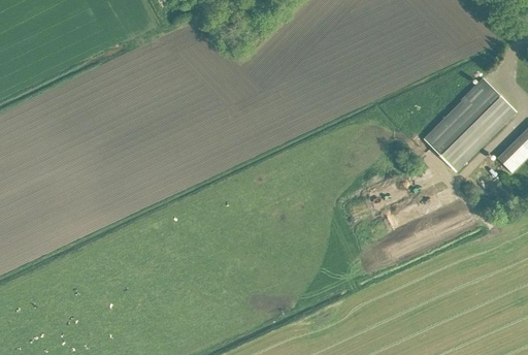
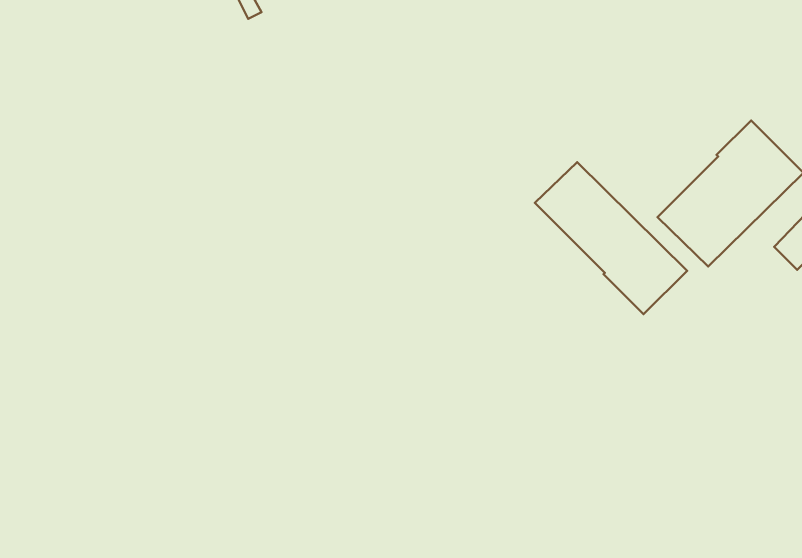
building: none -> [535,162,687,314]

